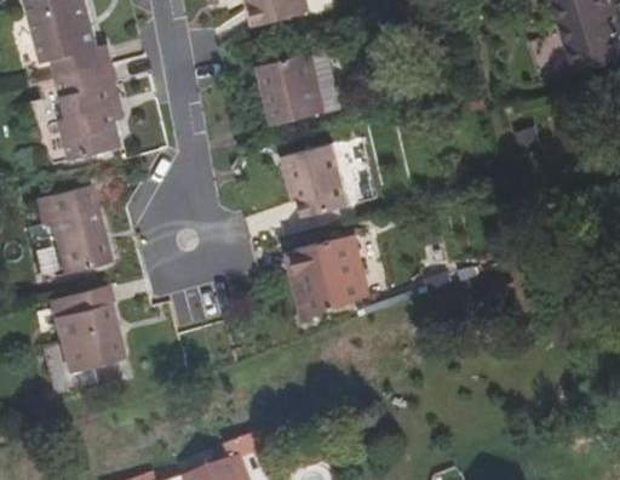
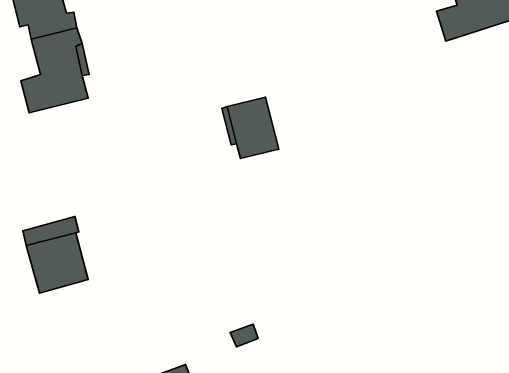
building: [259,52,329,122] -> none
building: [34,184,108,273] -> none
building: [291,234,367,318] -> none

